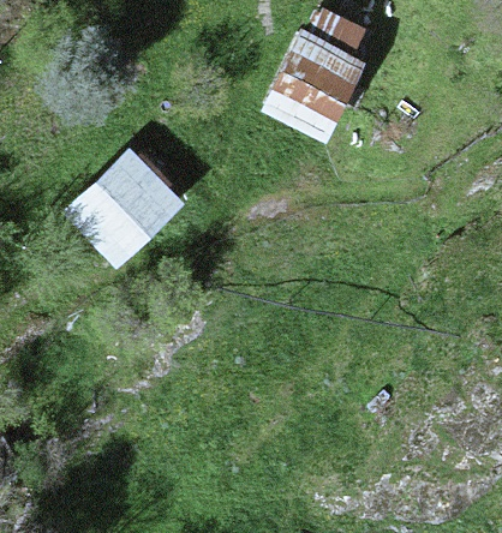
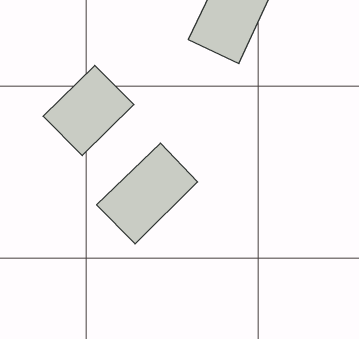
building: none -> [97,143,198,244]

